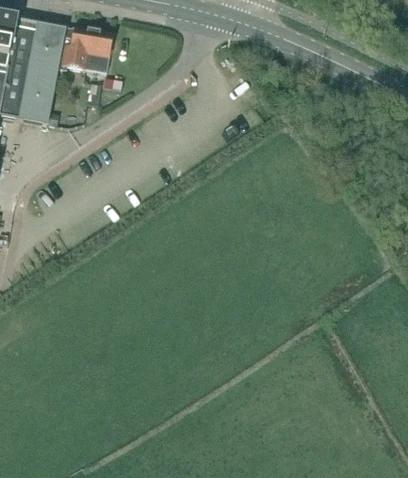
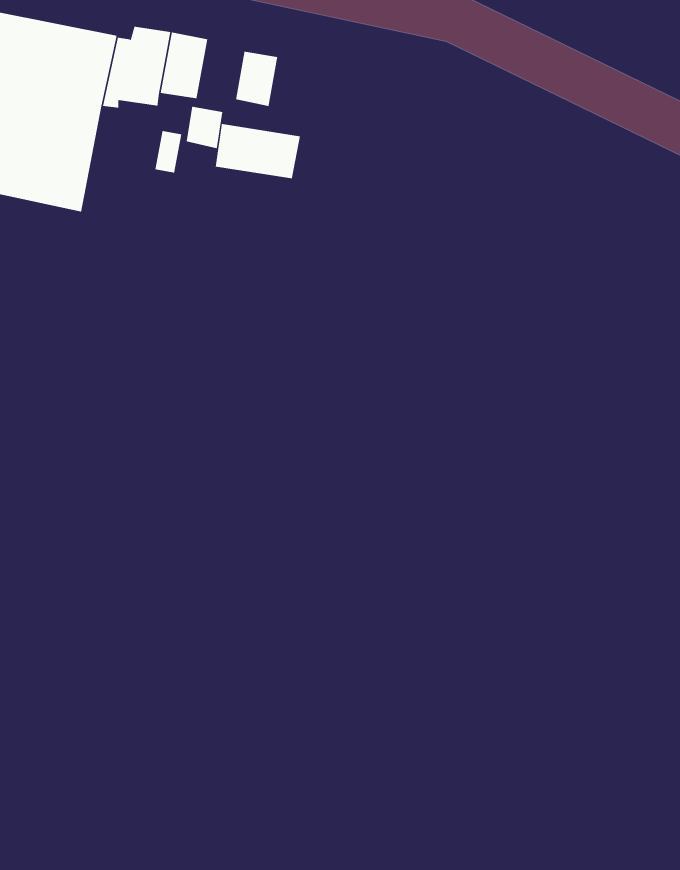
building: none -> [236,51,278,107]
building: none -> [215,123,300,179]

